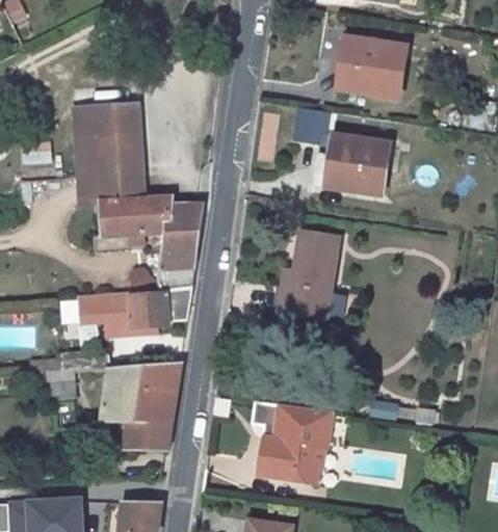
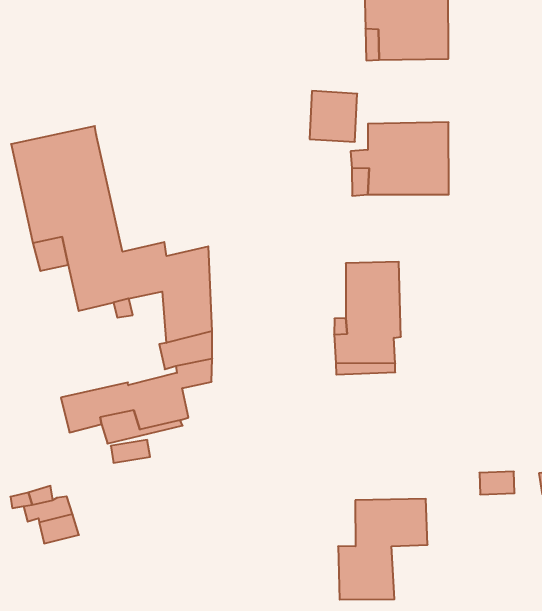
building: [103,363,181,449] -> none
building: [296,442,326,482] -> none

